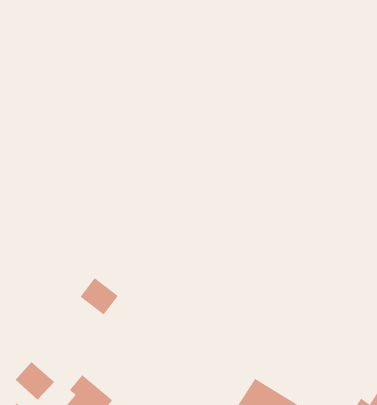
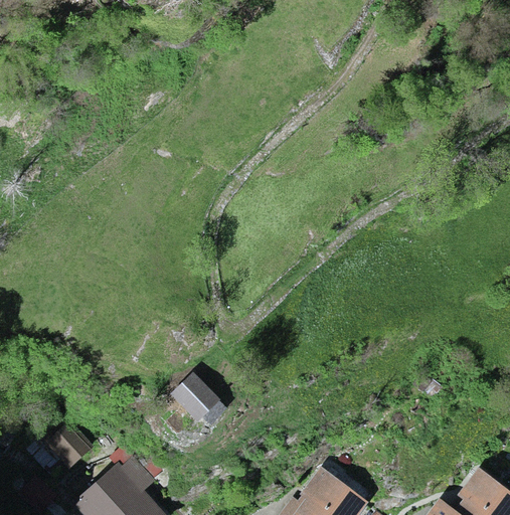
building: [80,277,119,316] -> [181,376,226,421]

